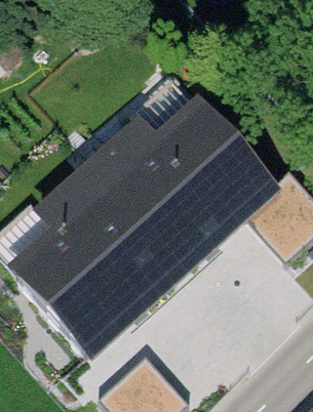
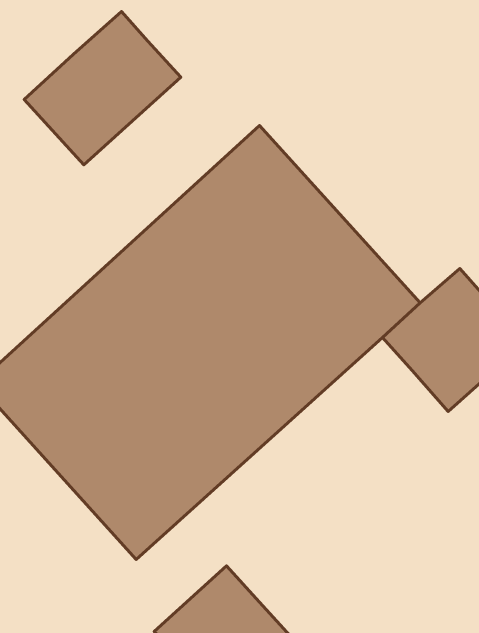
building: none -> [24,12,181,165]

